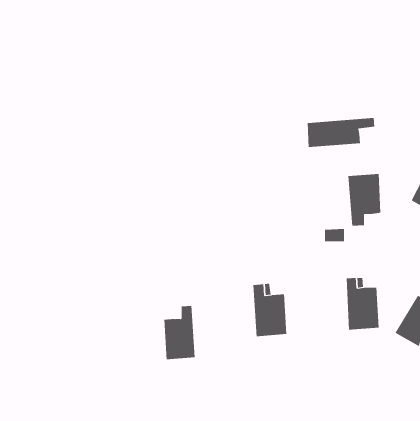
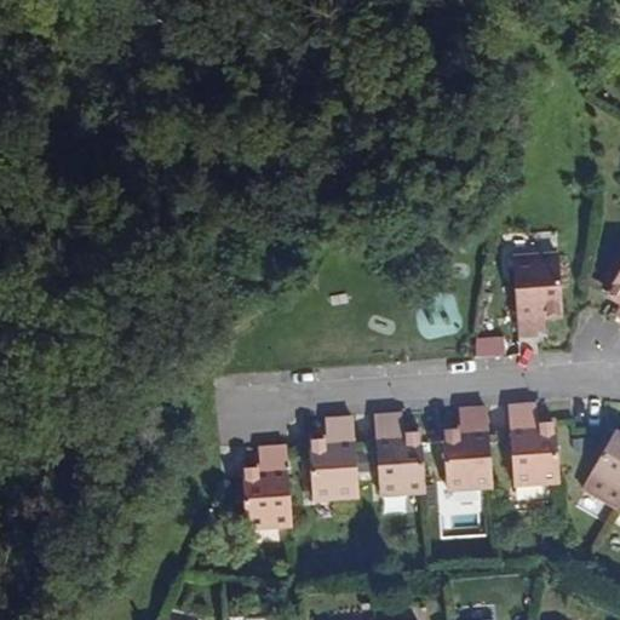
building: [307,117,375,148] -> none
building: none -> [443,409,490,488]
building: none -> [308,419,357,498]

